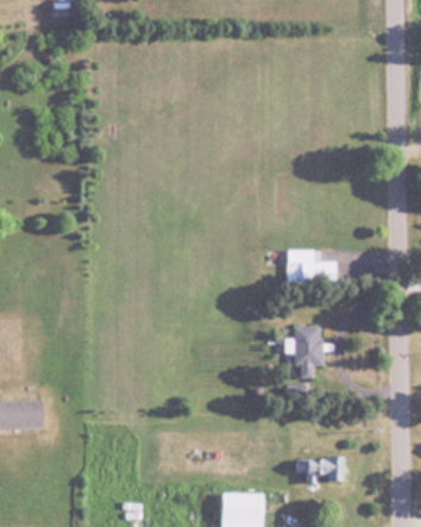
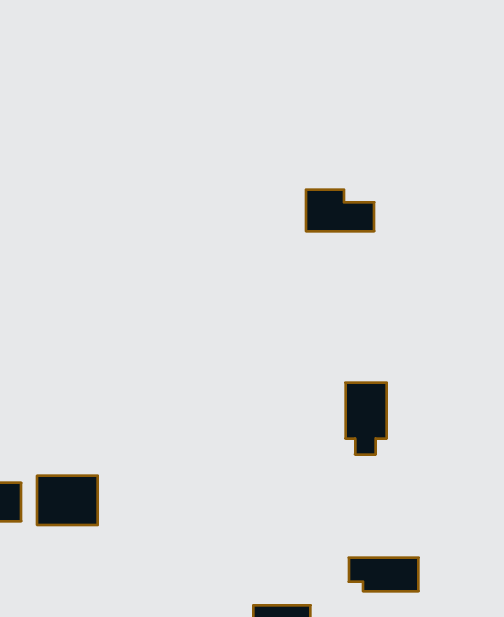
building: [284,251,335,282] -> [306,190,374,231]
building: none -> [37,476,98,525]

